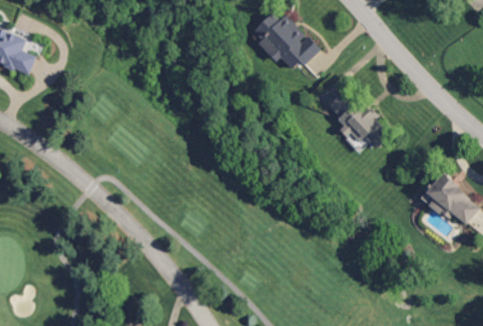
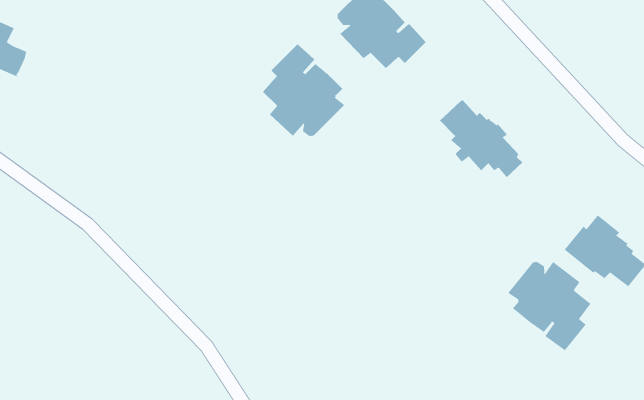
building: none -> [262,43,345,137]
building: none -> [507,261,591,351]

